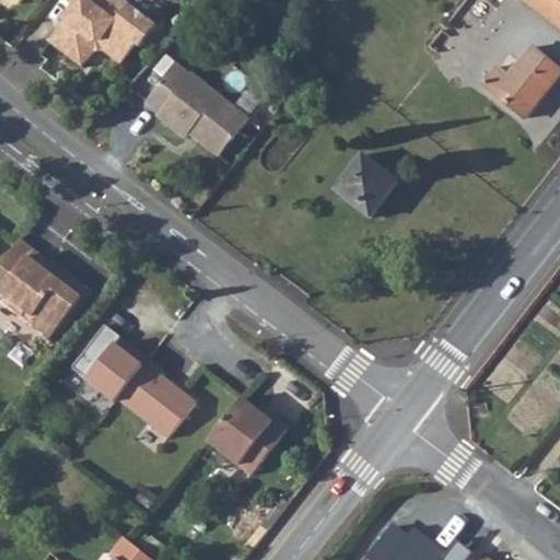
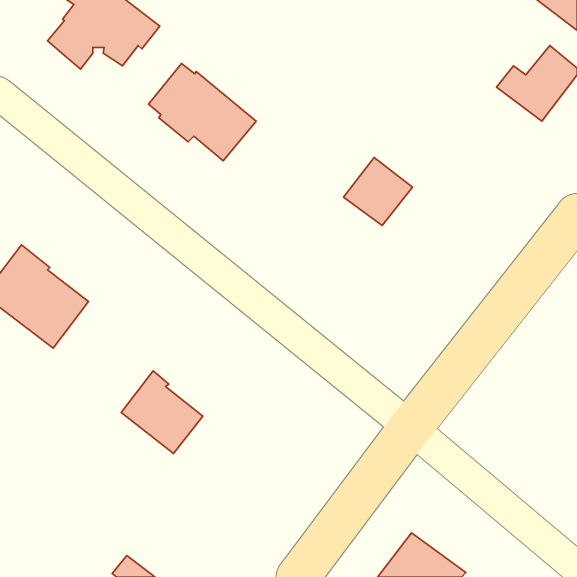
building: [71,325,148,401] -> none
building: [207,397,287,475] -> none

